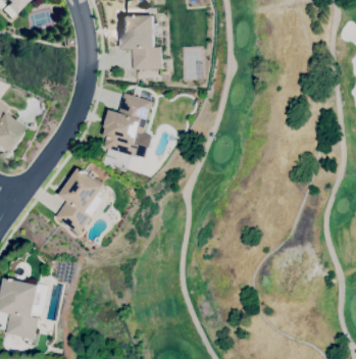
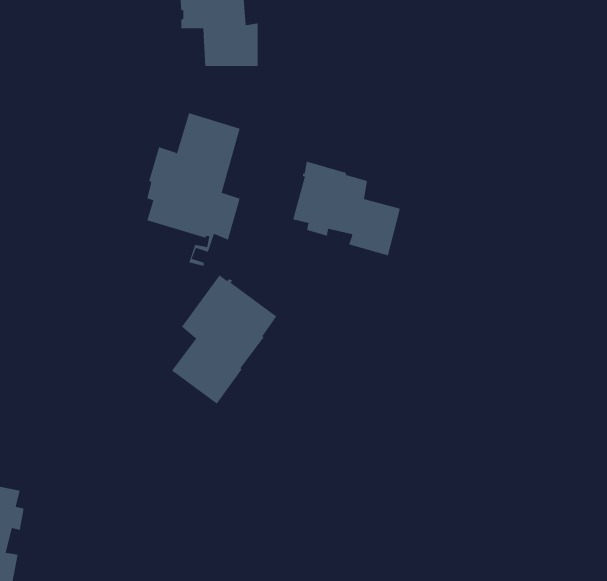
building: none -> [292,161,401,256]
building: [56,167,110,234] -> [171,274,277,404]

